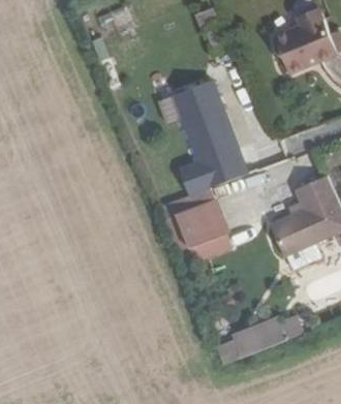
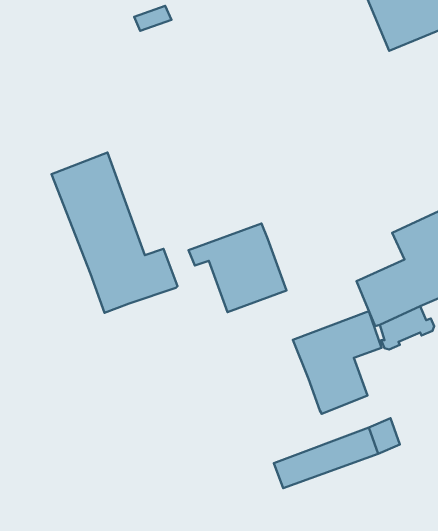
building: [173,80,256,186] -> [52,152,177,313]
building: none -> [293,311,382,414]

